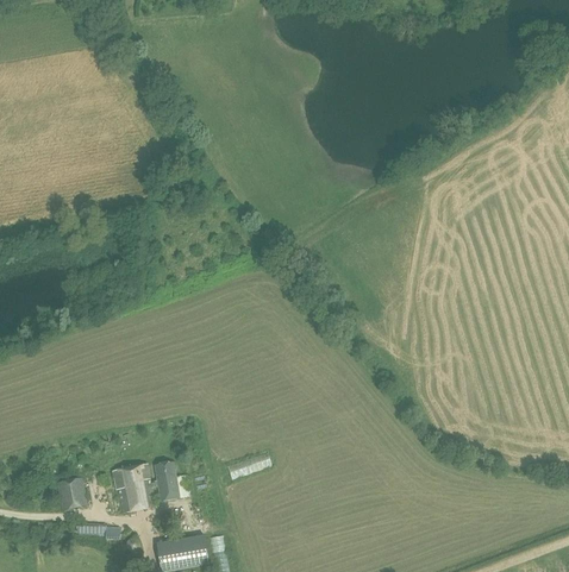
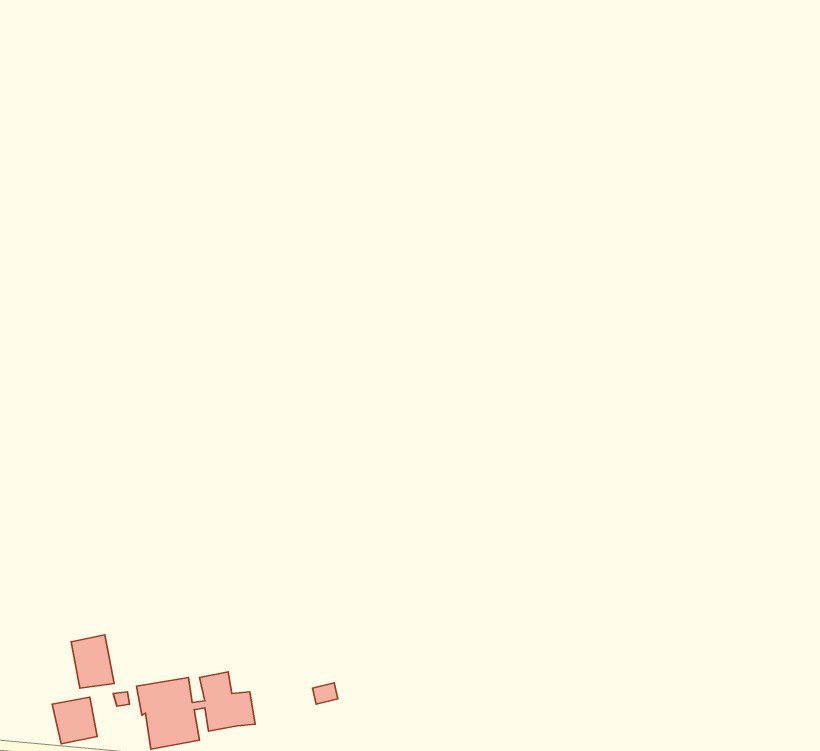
building: none -> [71,635,114,688]

